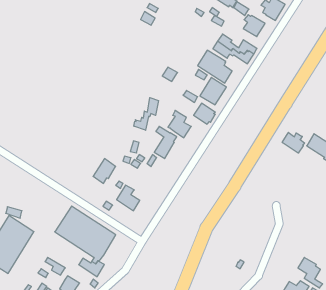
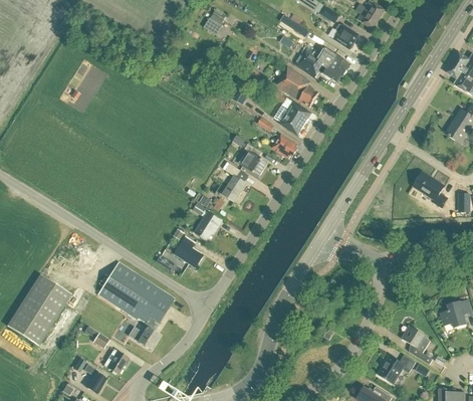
building: [134,98,159,130] -> none
building: [282,132,305,153] -> none
building: [93,159,116,183] -> [194,210,222,241]

